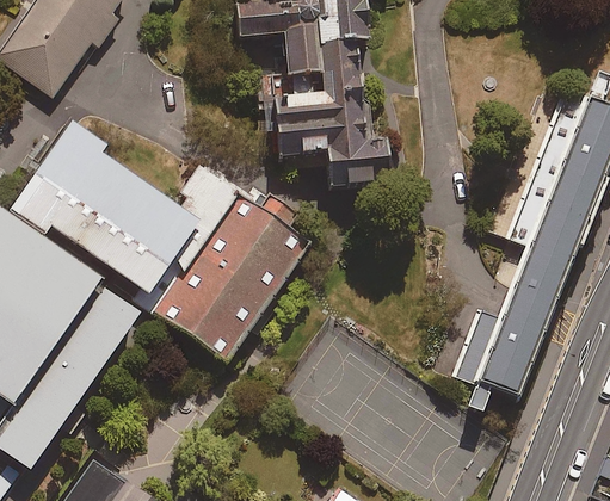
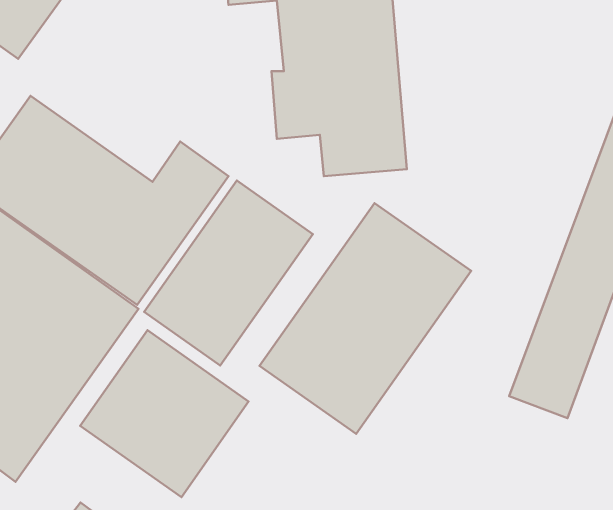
building: none -> [260,203,471,434]
building: none -> [80,330,249,497]

